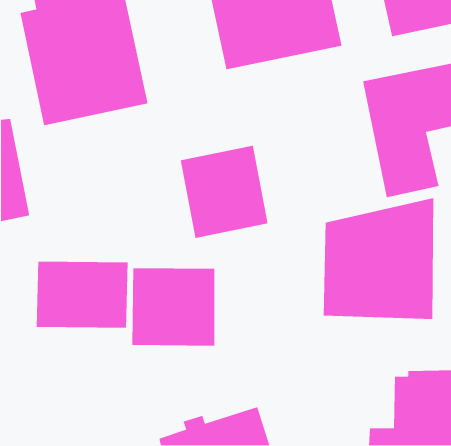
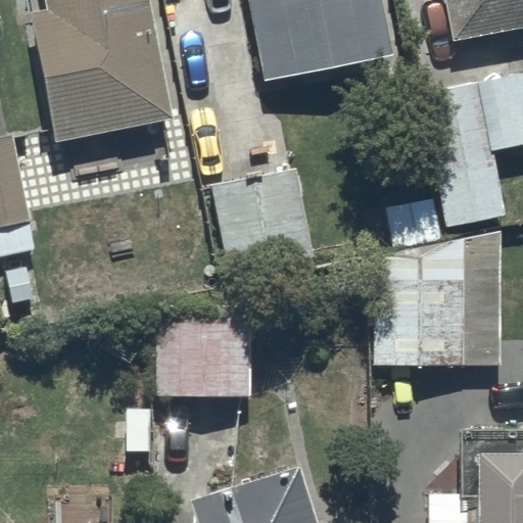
building: [36,261,129,328] -> none

